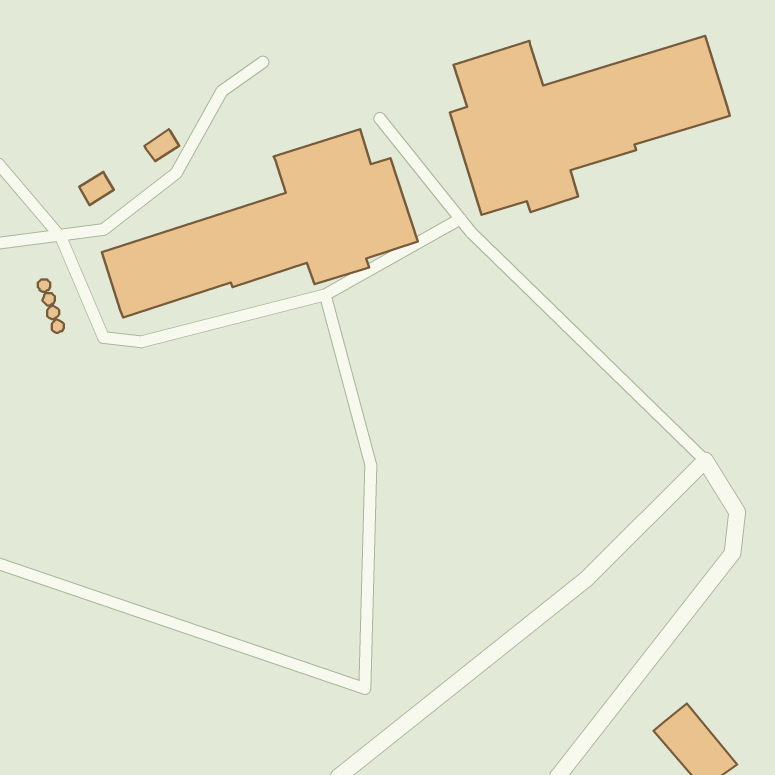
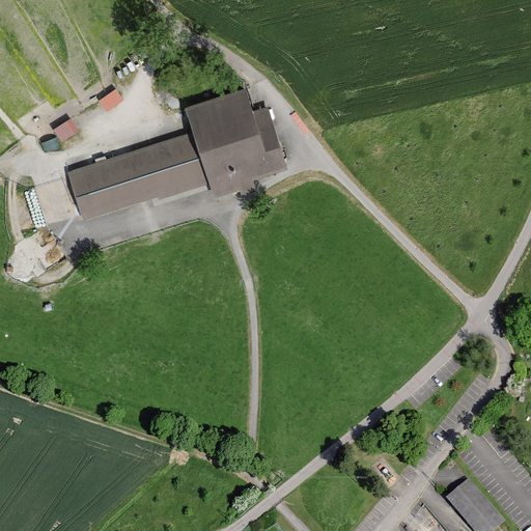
building: [450,36,730,215] -> none

